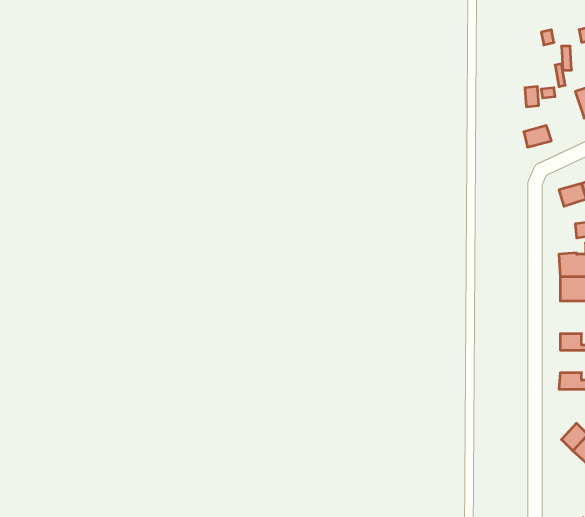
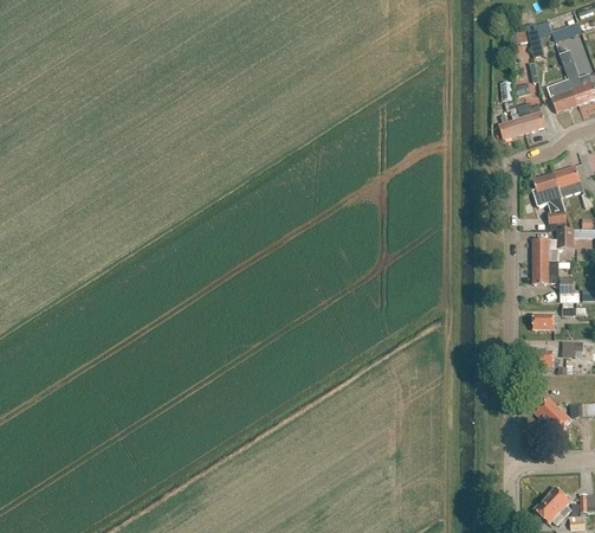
building: none -> [517,102,545,133]

